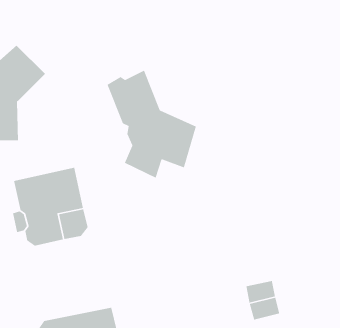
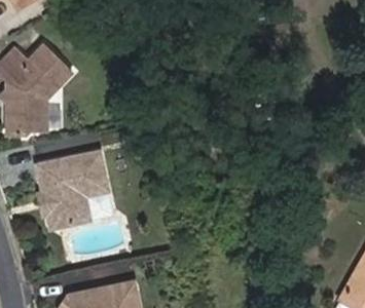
building: [107,69,197,179] -> none

